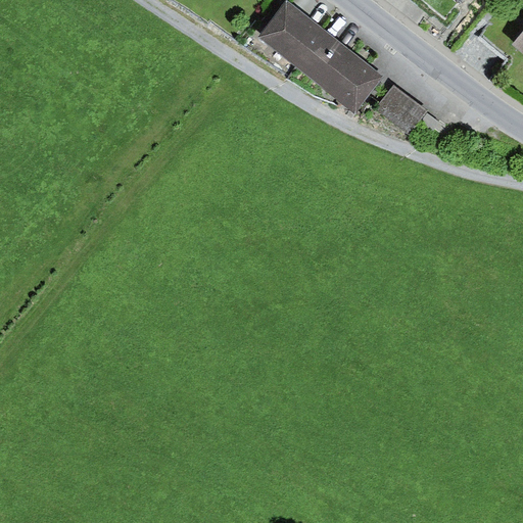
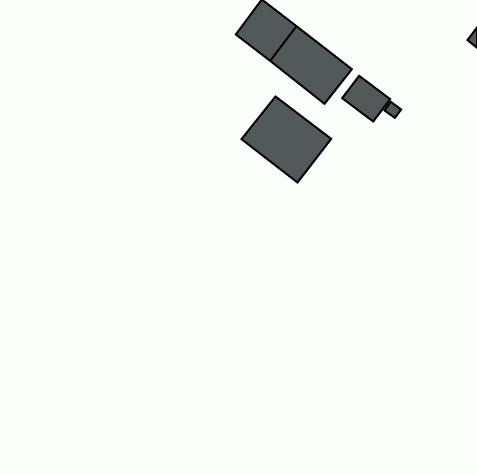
building: none -> [242,96,331,182]

